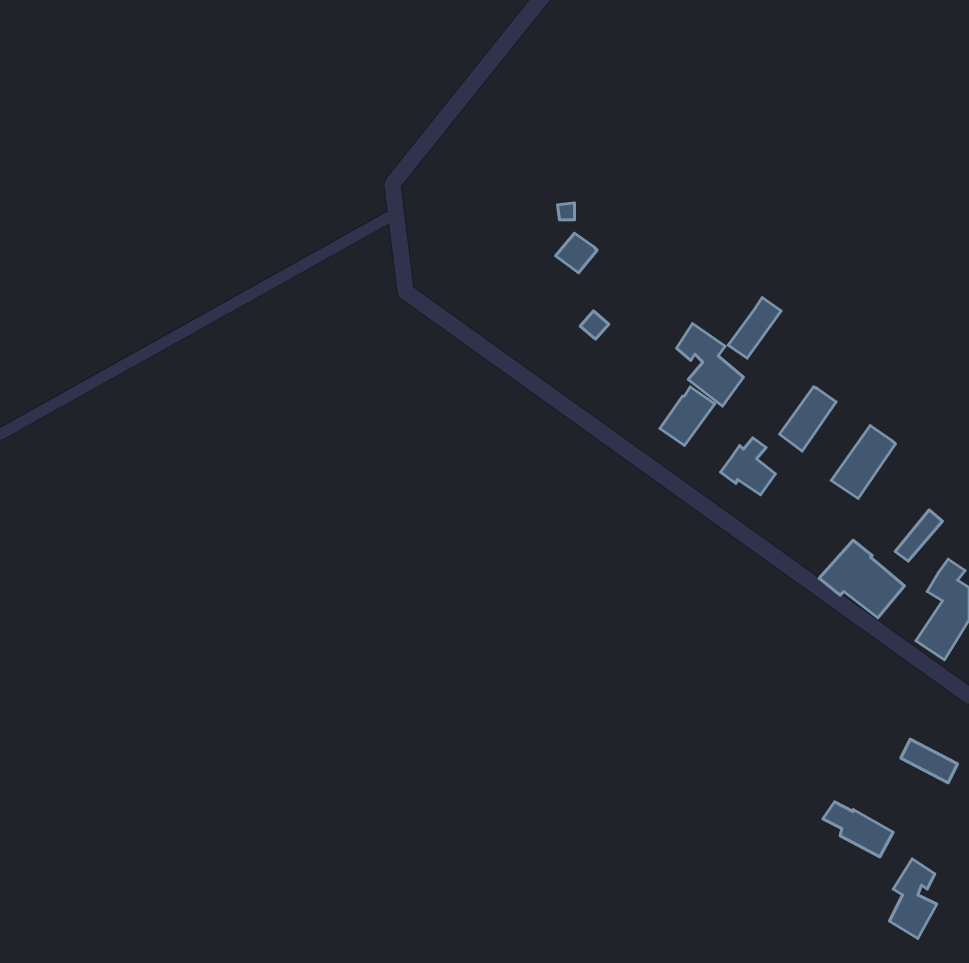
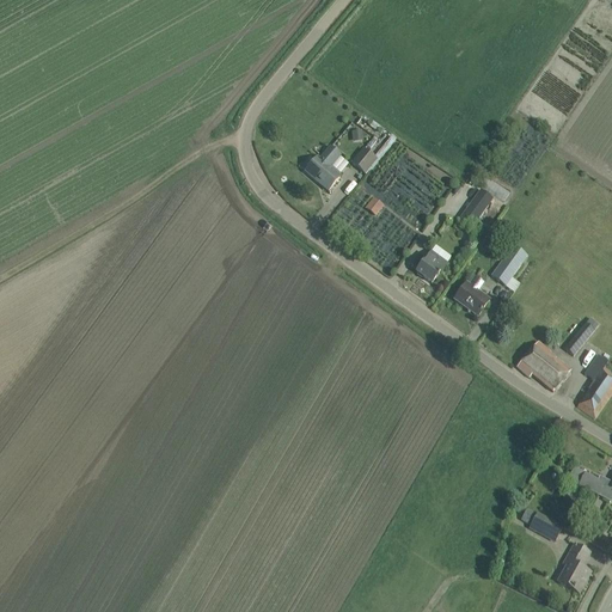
building: none -> [306,146,339,188]
building: [676,324,743,406] -> none
building: [831,425,895,498] -> none

